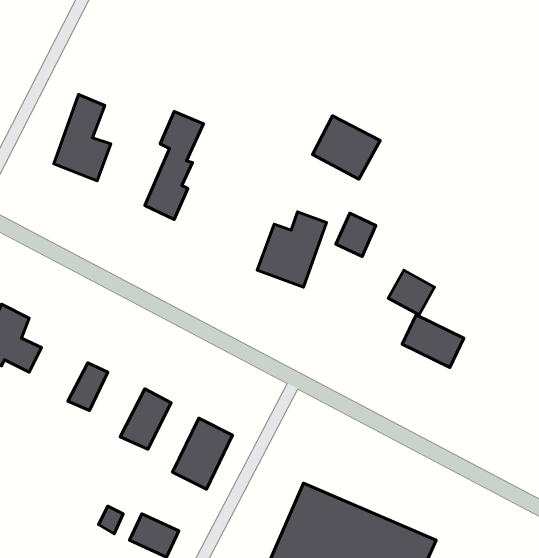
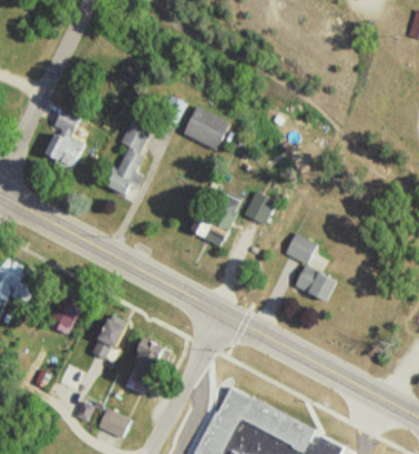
building: [312,116,380,179] -> [183,105,232,151]

